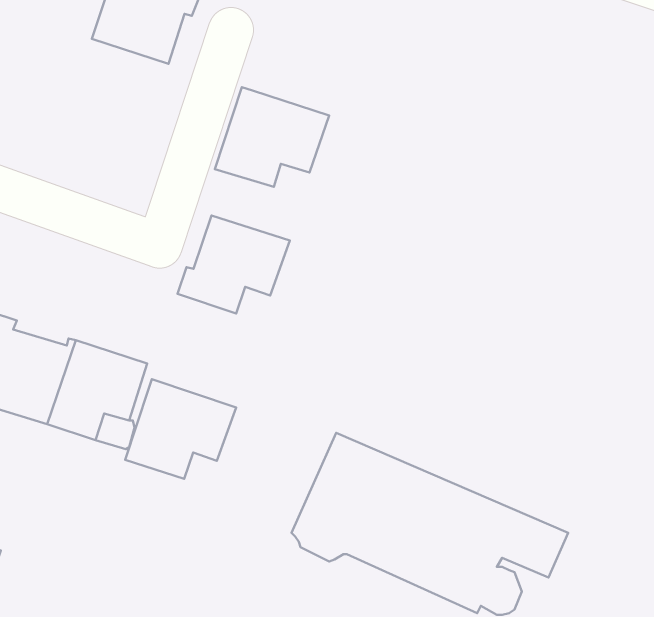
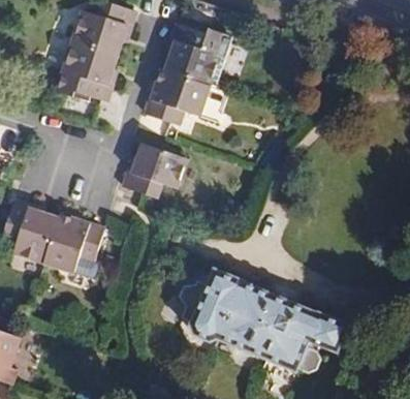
building: none -> [166,24,220,84]
building: none -> [63,39,118,101]
building: [125,379,236,479] -> none

